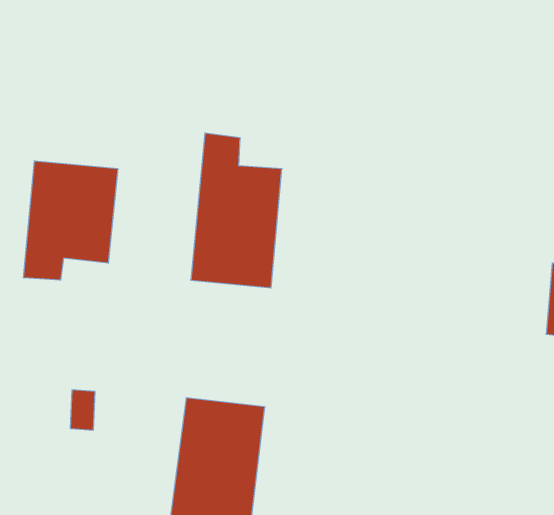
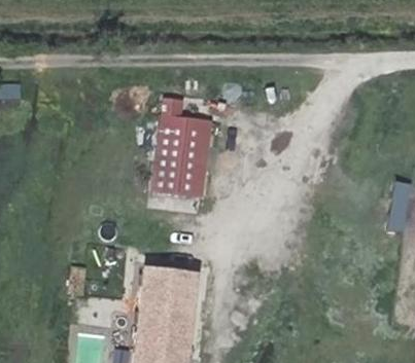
building: [23,161,118,280] -> none

